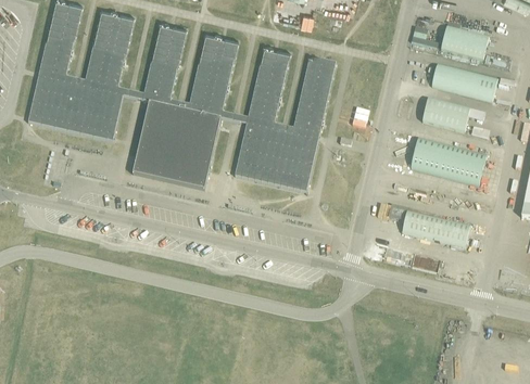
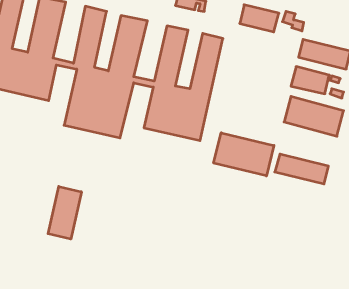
building: [440,27,490,62] -> [240,5,279,32]
building: none -> [214,133,274,176]
building: none -> [48,186,81,239]

